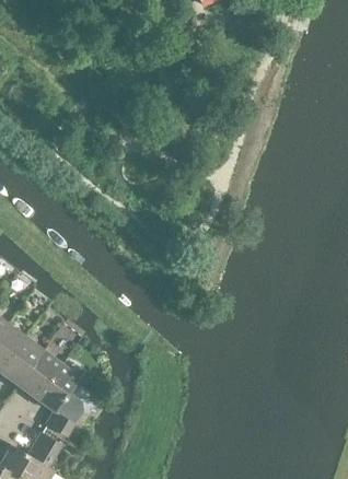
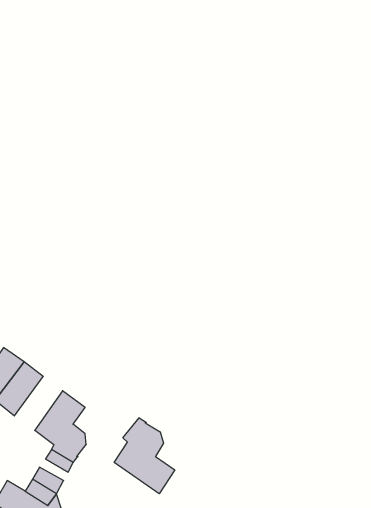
building: [16,349,60,398] -> none
building: none -> [114,418,175,494]

